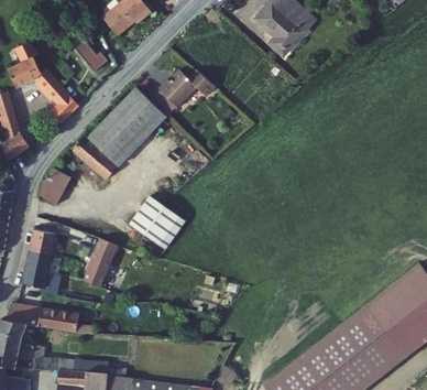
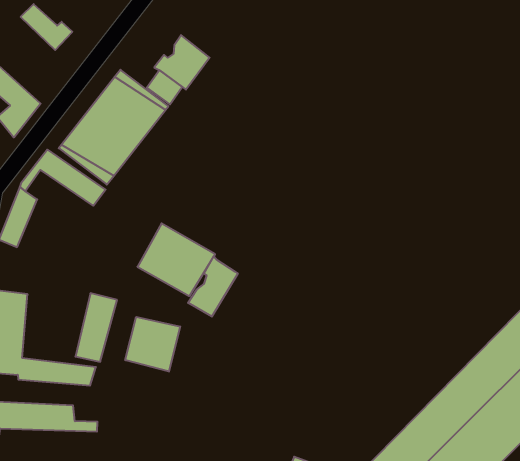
building: none -> [188,256,238,317]
building: none -> [125,317,180,372]

